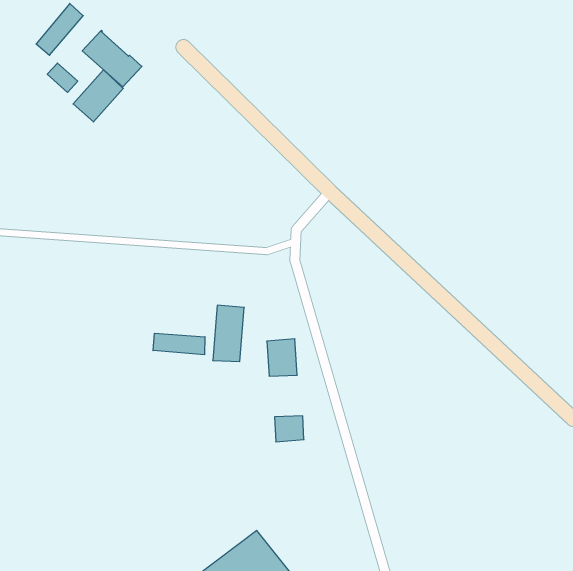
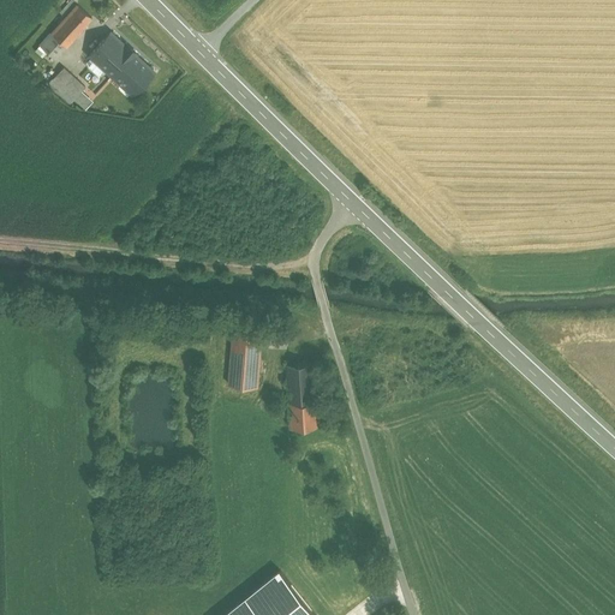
building: [73,70,123,122] -> none
building: [153,333,205,355] -> none
building: [275,416,304,442] -> [287,405,318,432]

